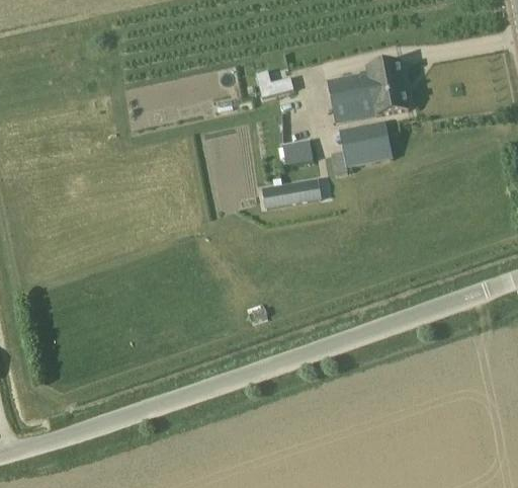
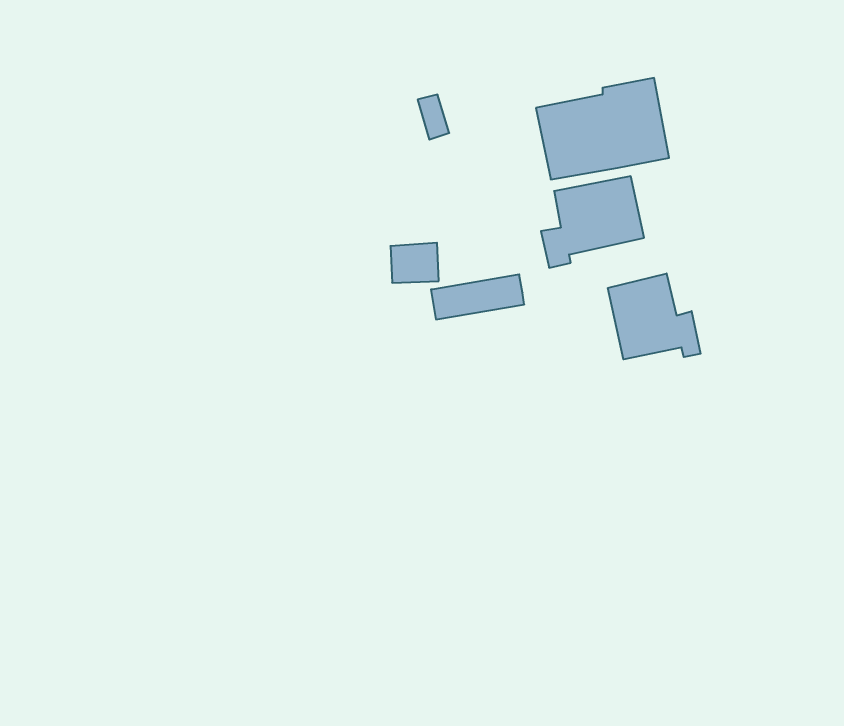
building: [281,138,311,162] -> [390,243,439,283]
building: none -> [608,273,701,359]

